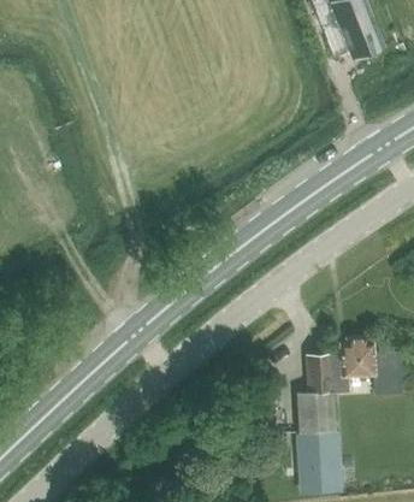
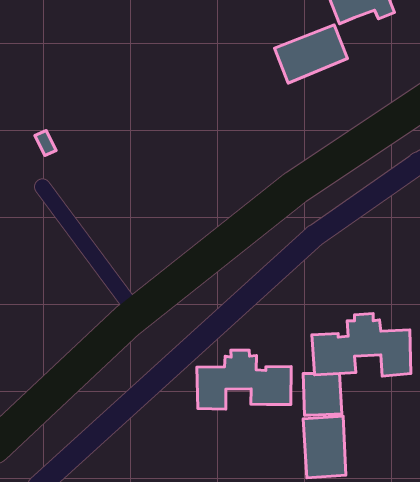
building: none -> [274,25,347,83]
building: none -> [197,350,291,409]

